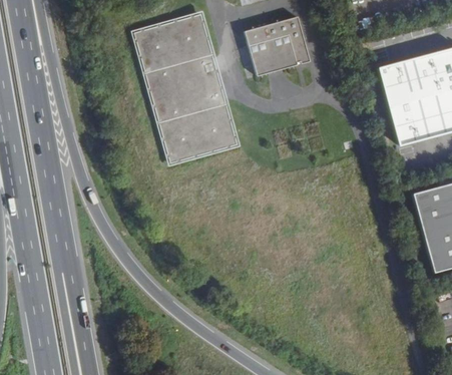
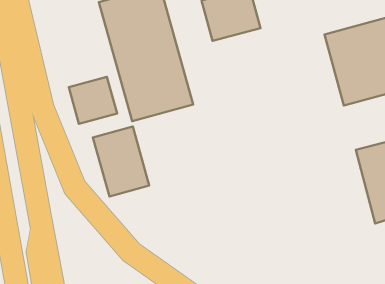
building: none -> [69,77,117,124]
building: none -> [93,127,149,196]

